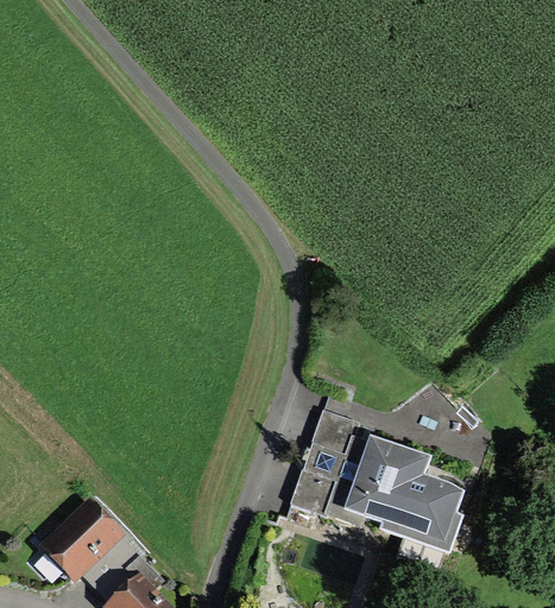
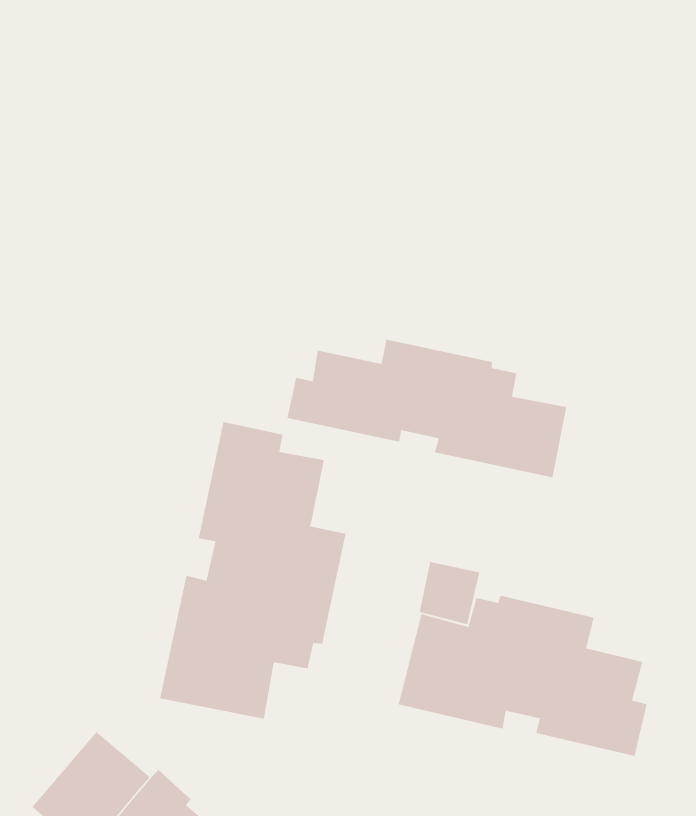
building: none -> [287,339,567,478]
building: none -> [160,421,346,720]

